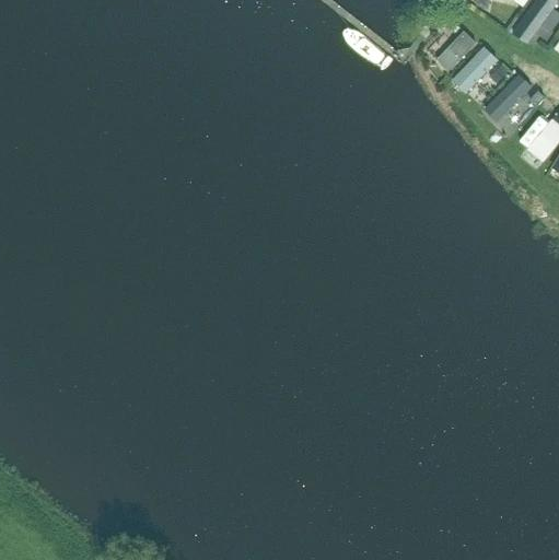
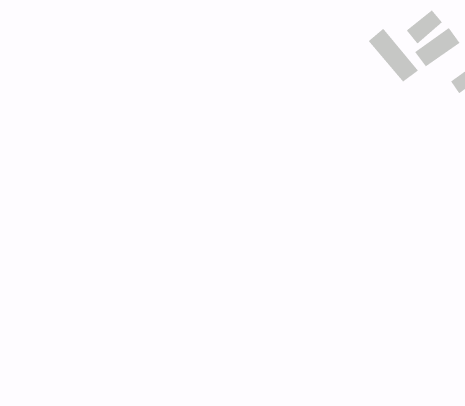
building: none -> [368,28,419,83]

